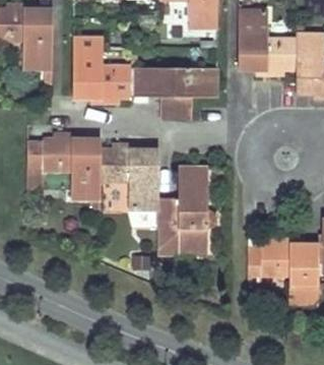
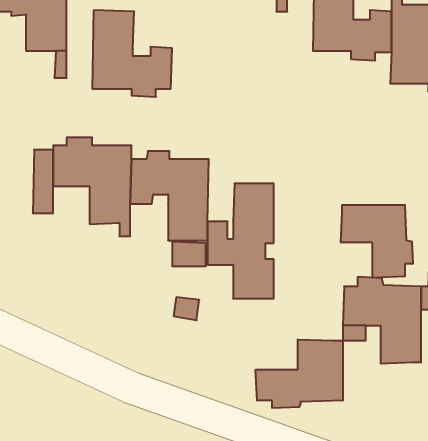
building: [130,66,216,117] -> none
building: none -> [341,205,413,278]
building: none -> [256,339,343,408]

